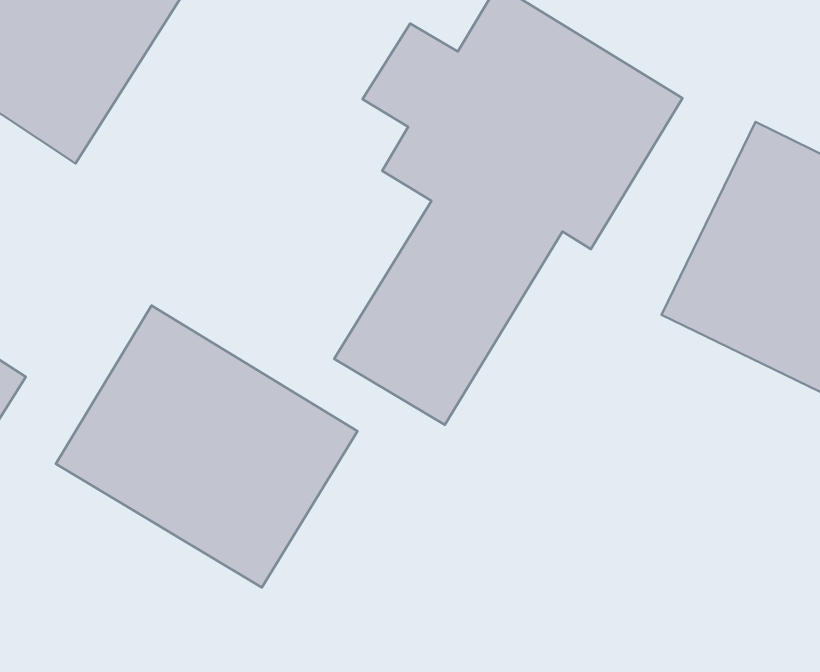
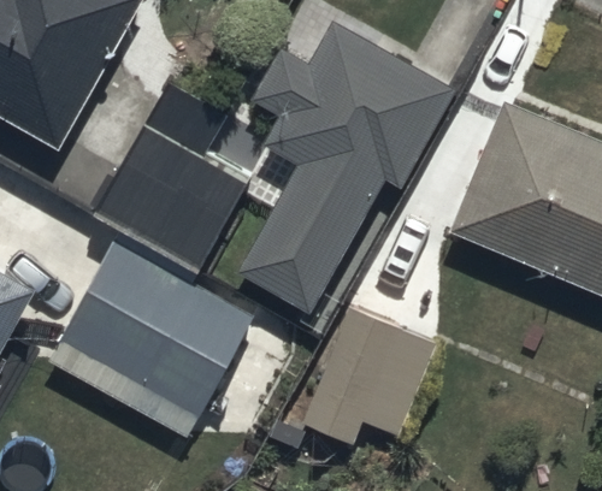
building: none -> [92,65,248,270]
building: none -> [295,306,444,446]

